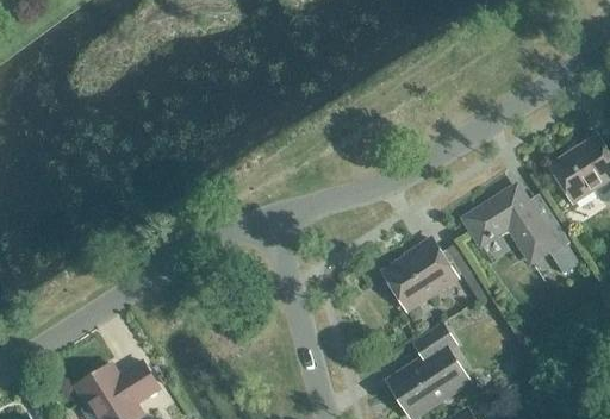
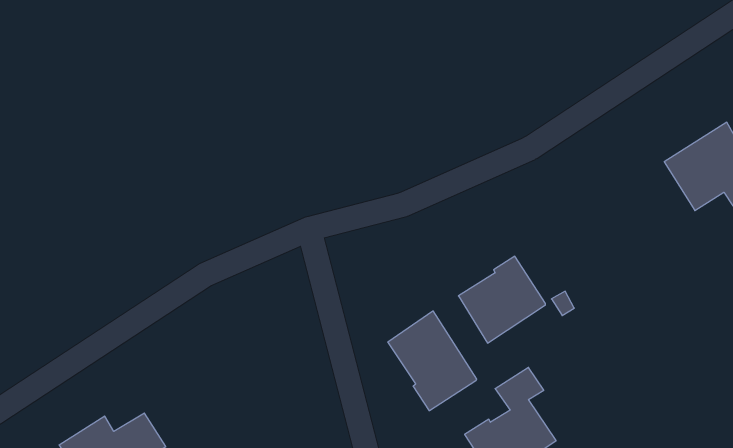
building: [463,186,578,274] -> none
building: none -> [388,311,476,411]

